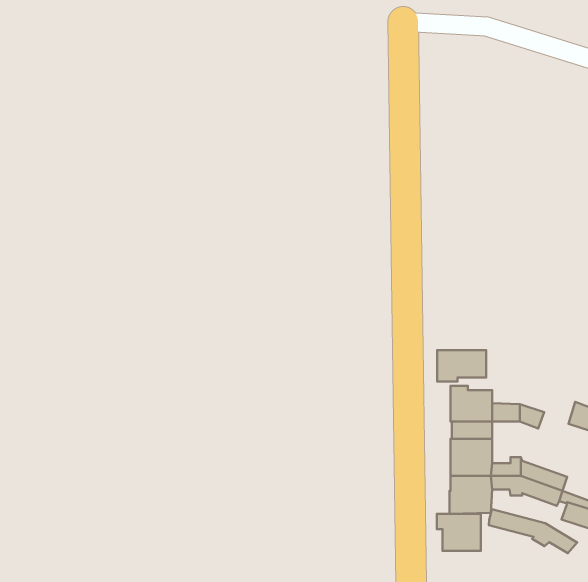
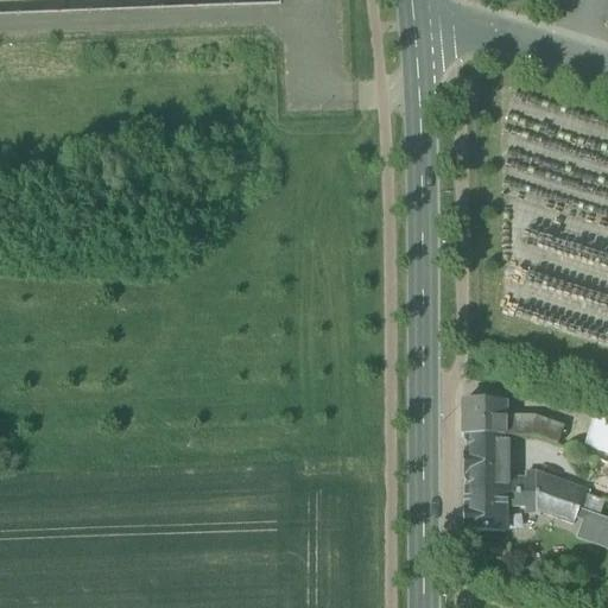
building: [437,350,486,381] -> none
building: [489,509,577,553] -> none
building: [437,514,481,551] -> none

